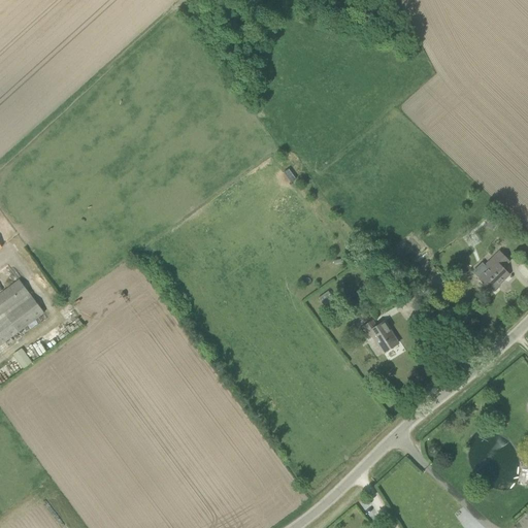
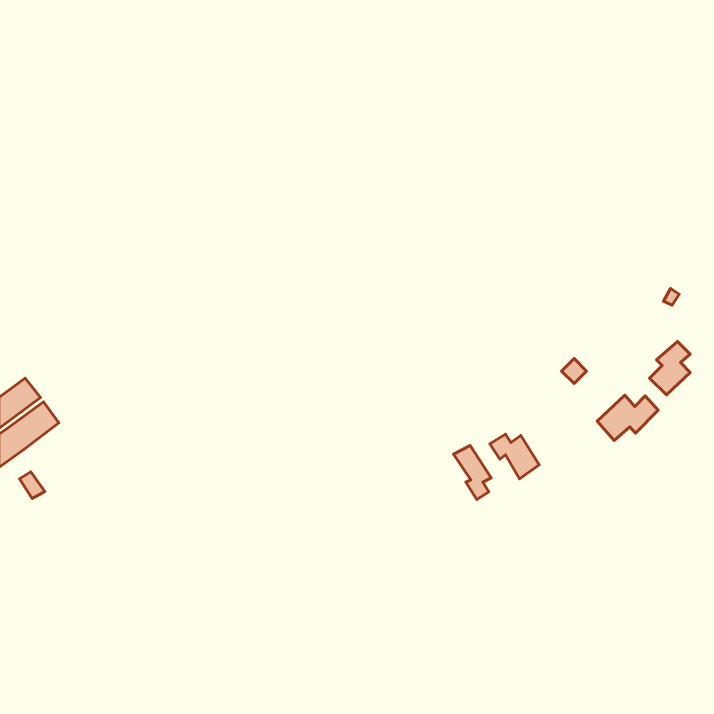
building: none -> [597,395,658,440]
building: none -> [454,445,491,500]

